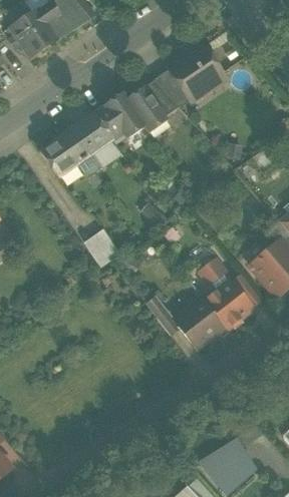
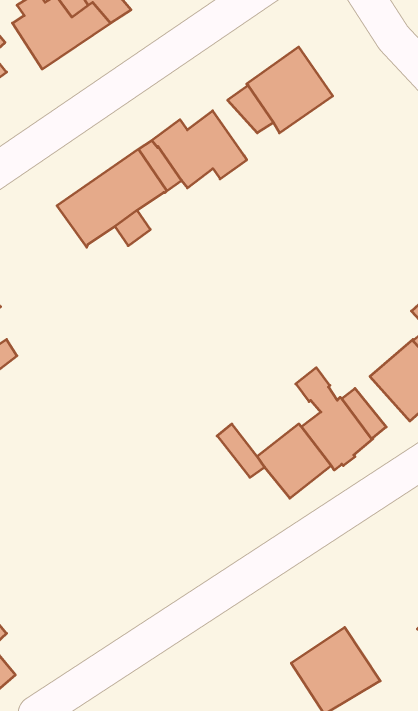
building: [145,79,179,116] -> none
building: [82,225,119,266] -> none

